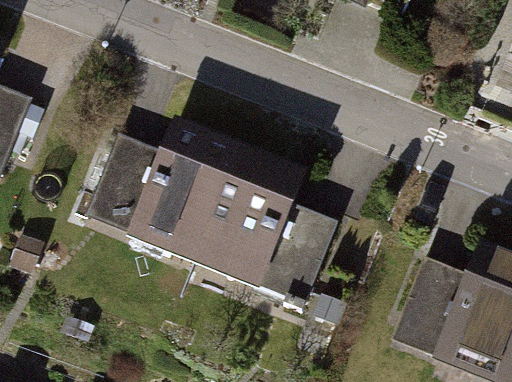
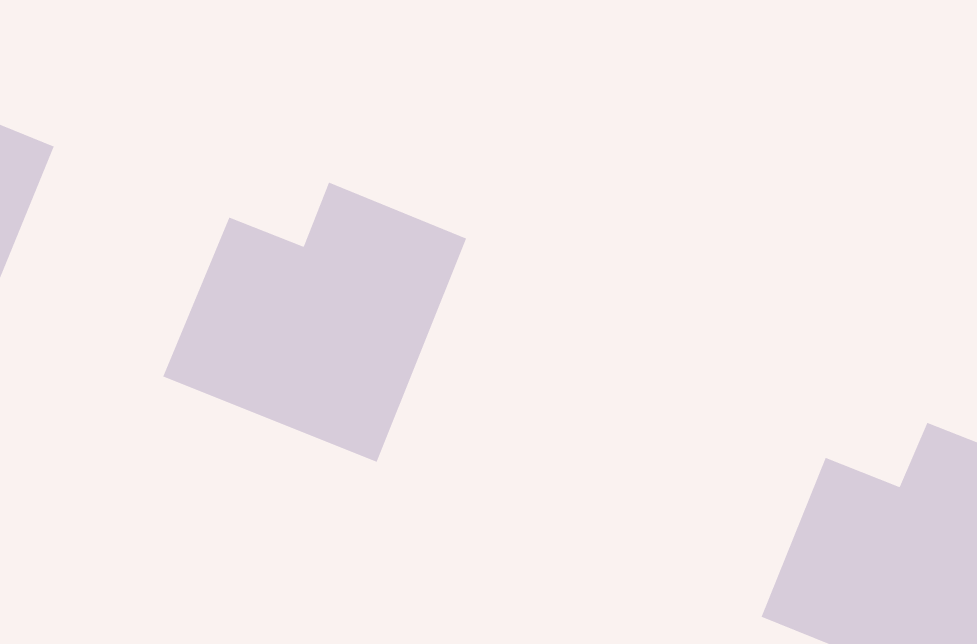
building: [196,146,337,304] -> none

